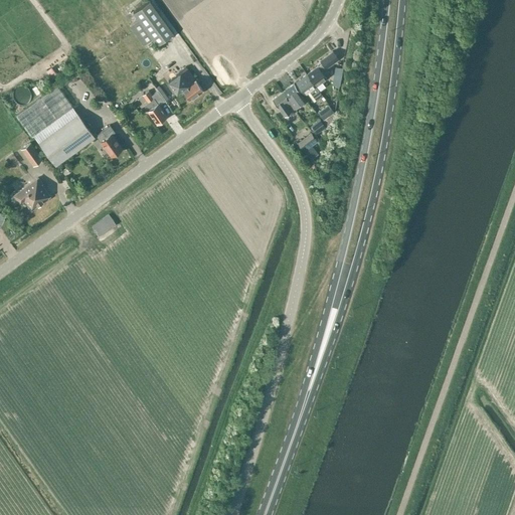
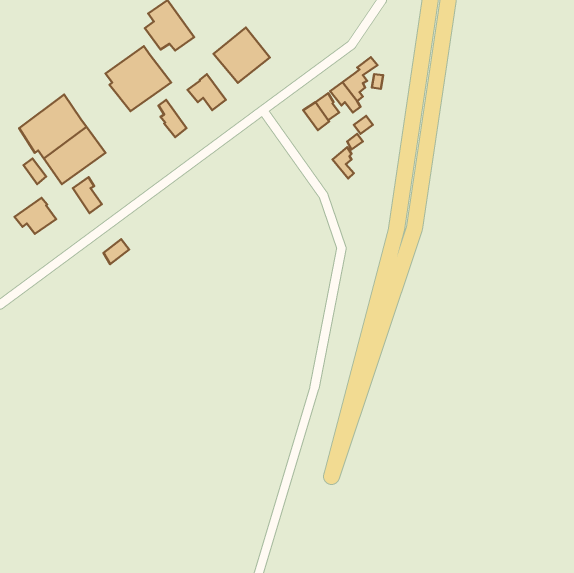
building: none -> [213,27,270,83]
building: none -> [106,46,171,111]
building: [96,125,122,157] -> [73,177,102,213]

